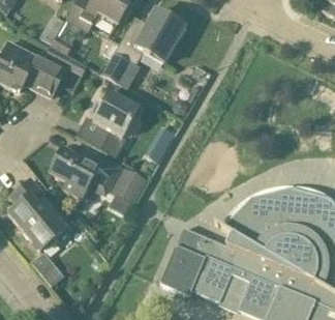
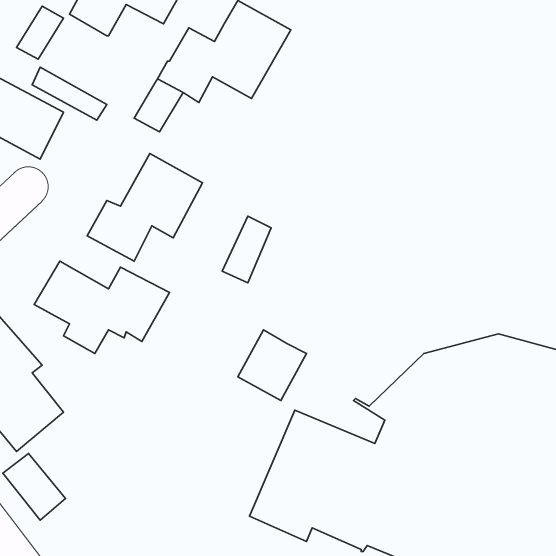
building: [111,167,147,204] -> [238,330,306,401]

